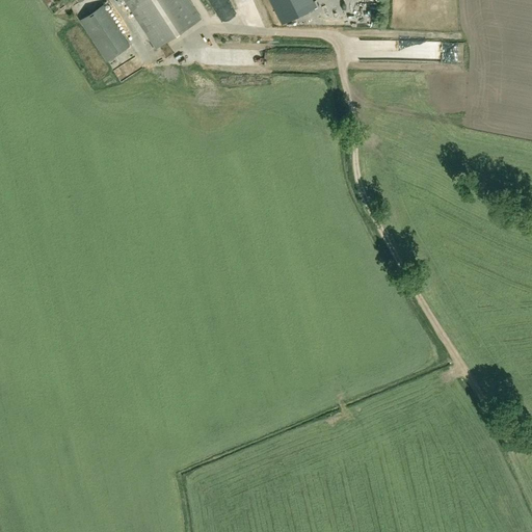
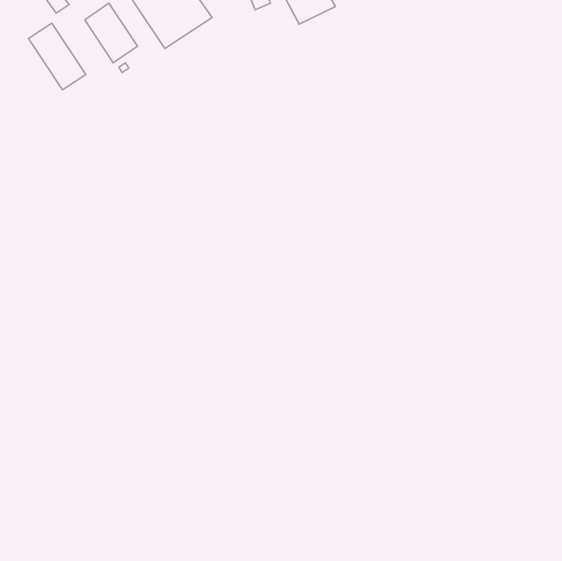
building: none -> [28,23,86,90]

